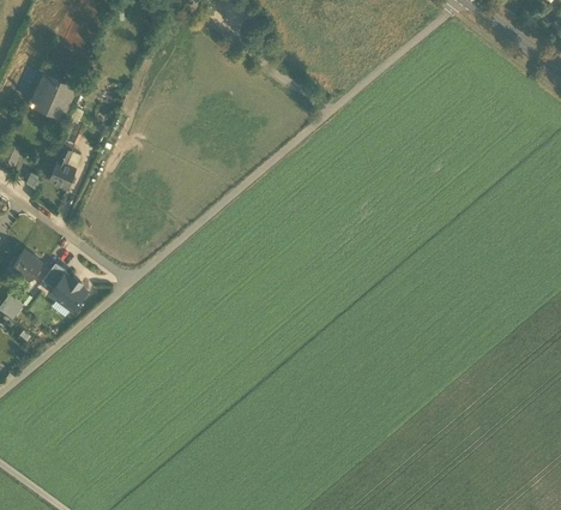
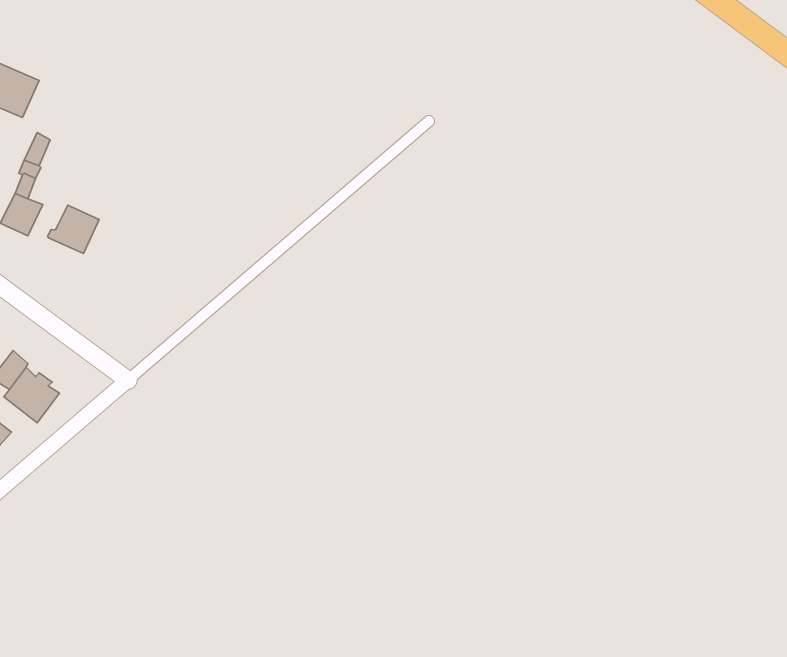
building: none -> [48,205,99,253]

